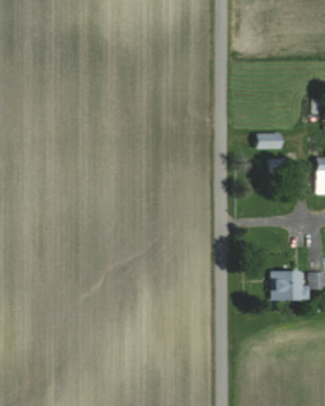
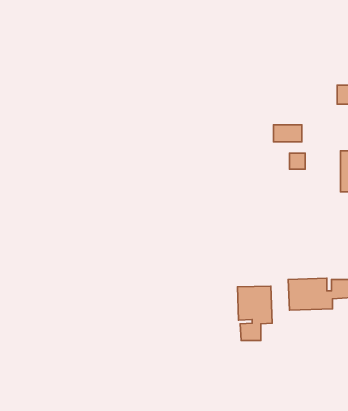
building: none -> [238,286,272,341]

